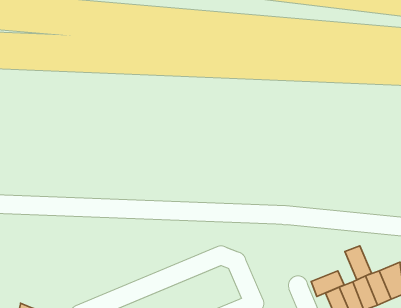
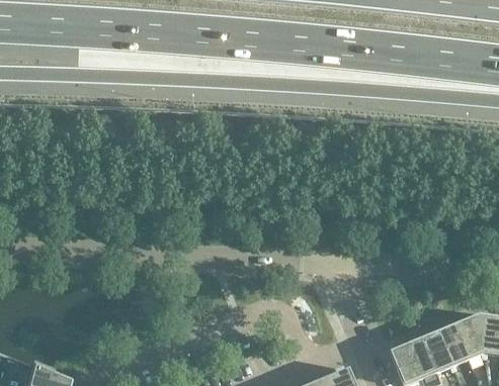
building: [345,246,372,280] -> none
building: [311,271,344,296] -> none

